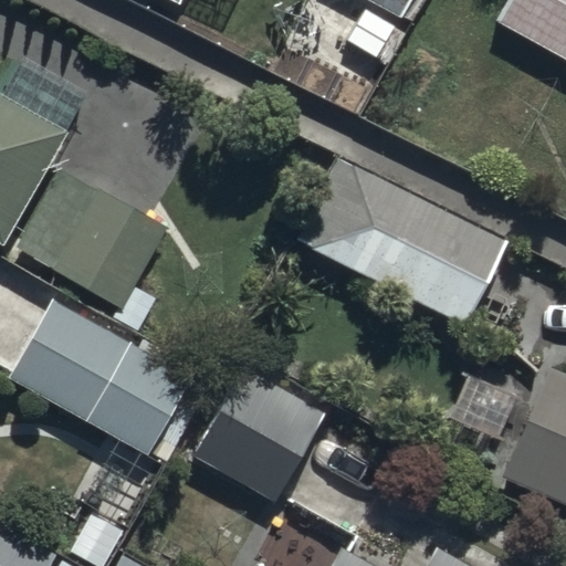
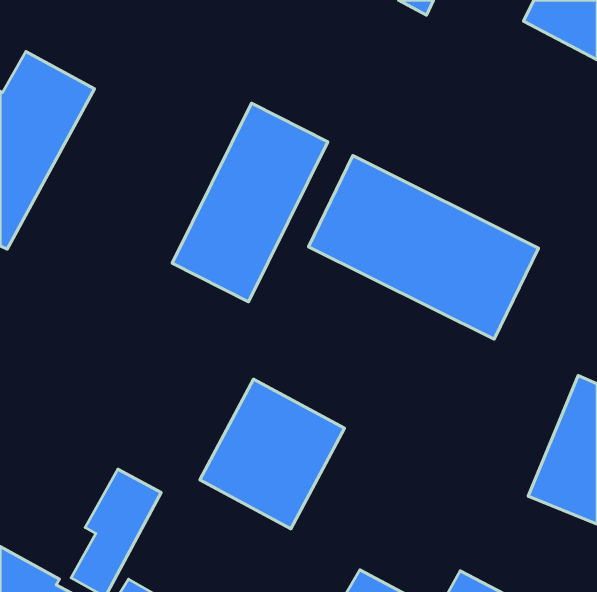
building: none -> [172,103,328,302]
building: [13,166,167,307] -> none
building: [6,300,191,457] -> none

